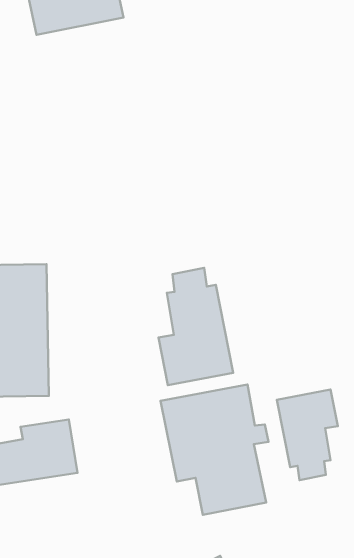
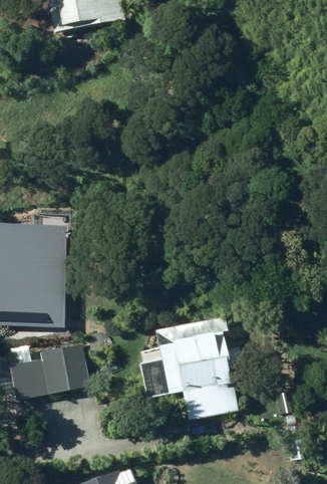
building: [159,268,233,385] -> none
building: [277,390,338,480] -> none

